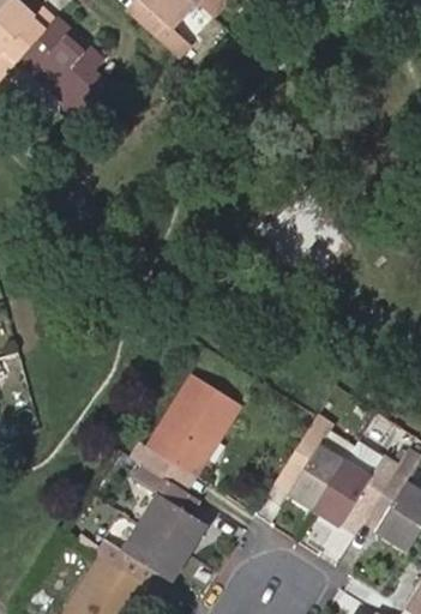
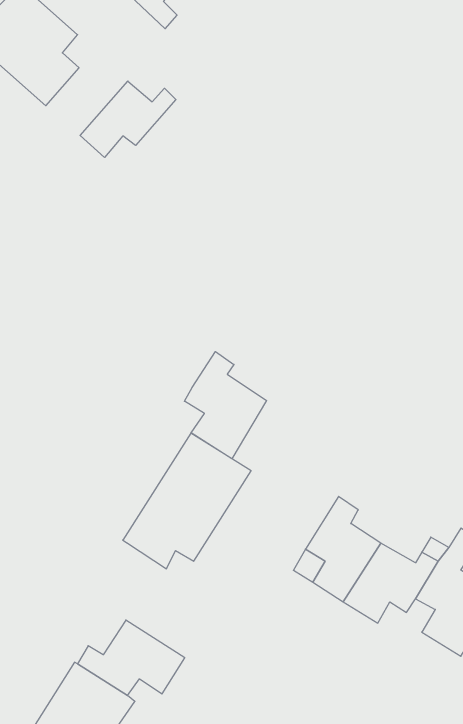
building: none -> [80,81,176,157]
building: none -> [184,352,267,459]
building: [133,460,206,552] -> none

